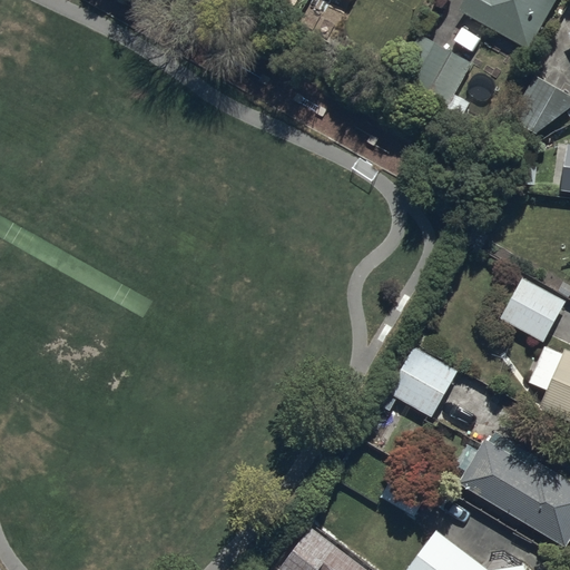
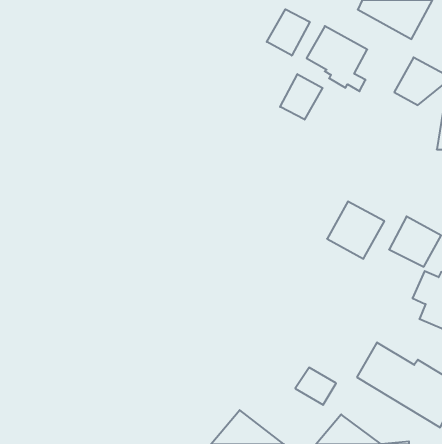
building: none -> [267,9,310,56]
building: none -> [280,74,323,120]
building: [387,344,461,417] -> [327,201,384,259]

